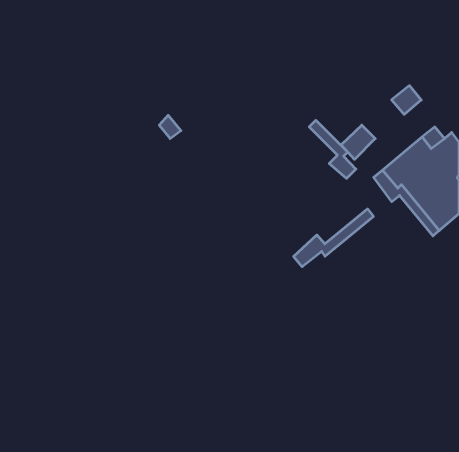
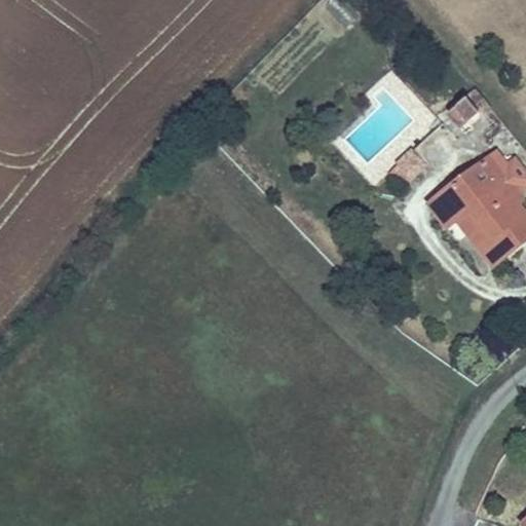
building: [309,120,356,178] -> none
building: [294,209,373,267] -> none

